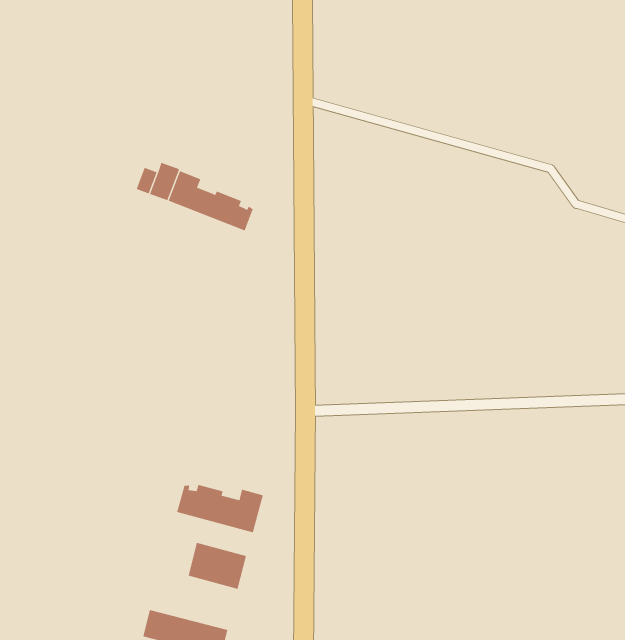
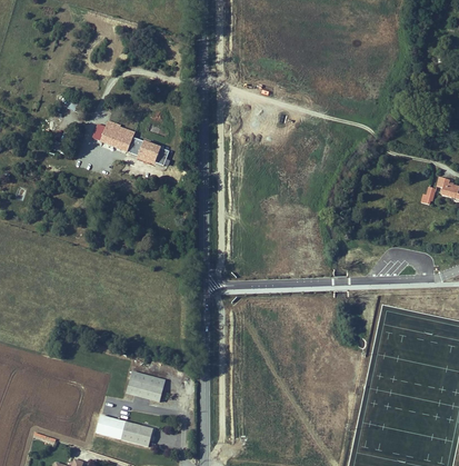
building: [177,484,263,533] -> none

